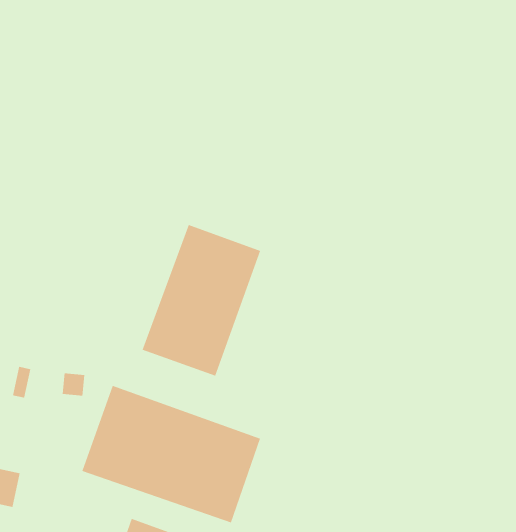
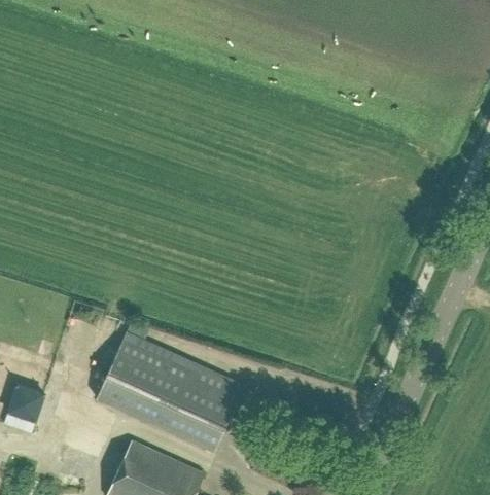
building: [142,224,261,377] -> none

